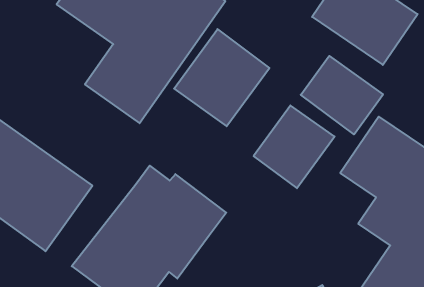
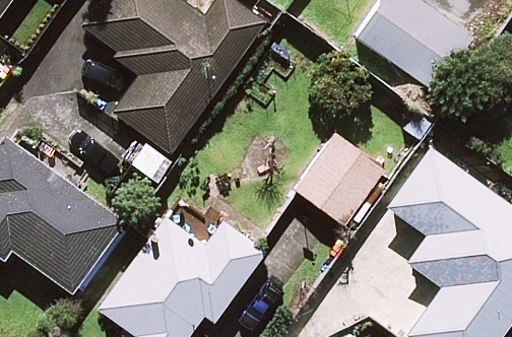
building: [174,29,269,126] -> none
building: [301,56,383,134] -> none

